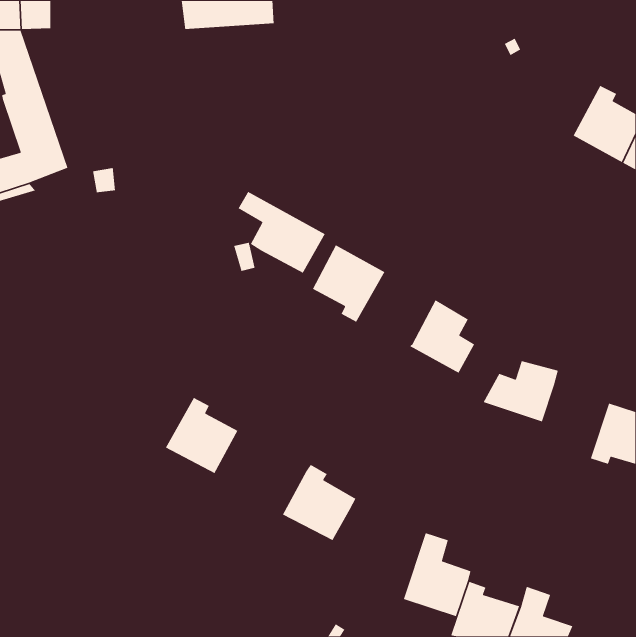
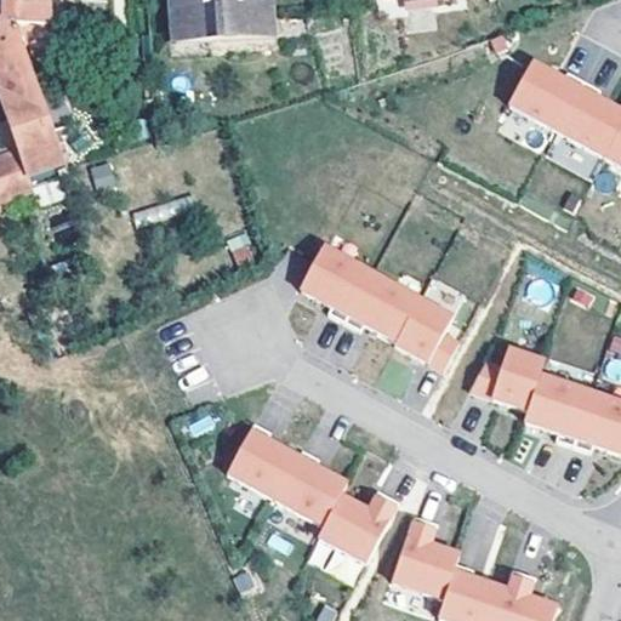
building: none -> [508,62,583,132]
building: [238,191,326,274] -> none
building: none -> [347,264,423,335]
building: none -> [524,375,592,446]
building: [165,397,238,474] -> [226,426,297,501]
building: none -> [318,491,400,564]

